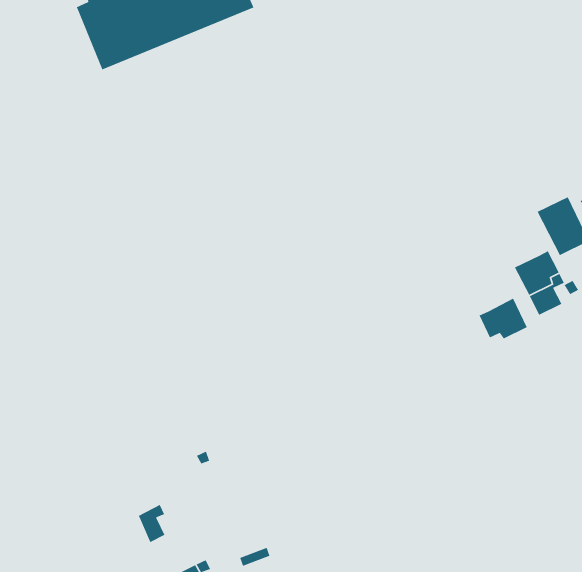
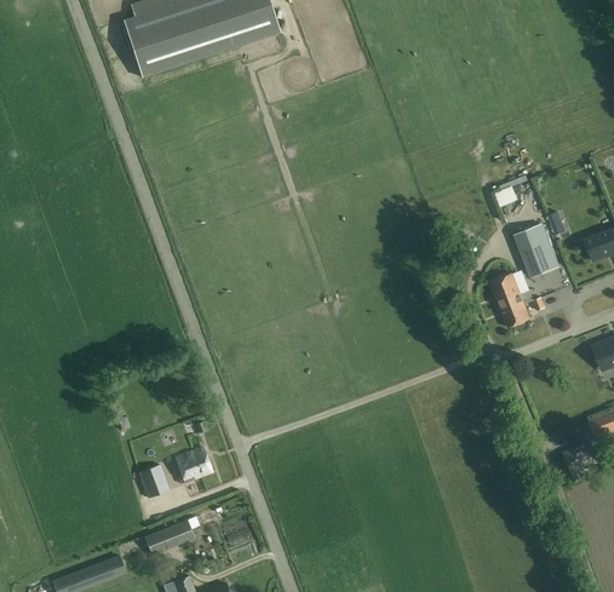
building: [479,297,528,340] -> none
building: none -> [174,446,213,482]

